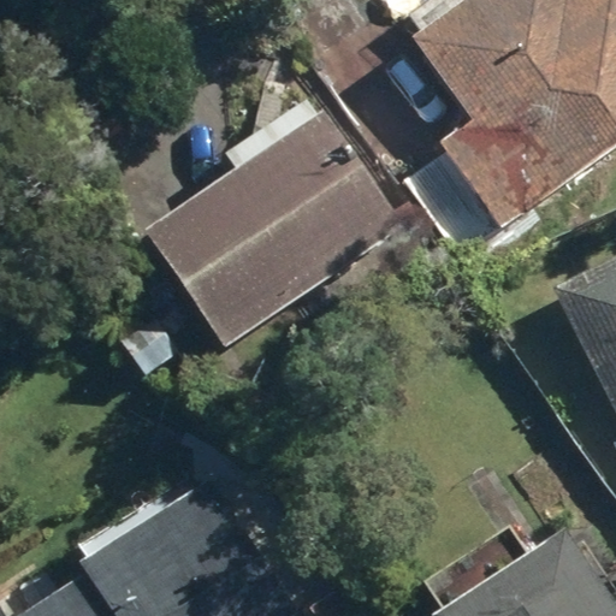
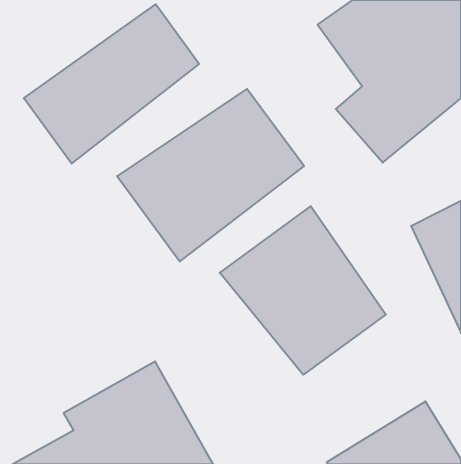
building: none -> [24,4,199,164]
building: none -> [220,206,386,375]

